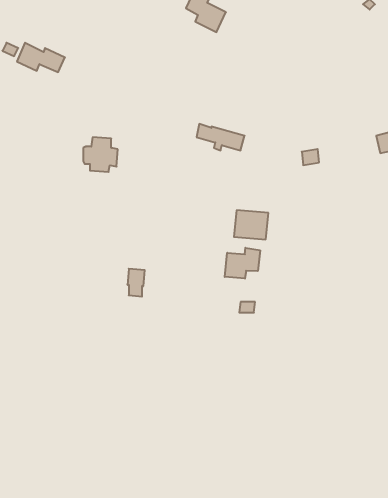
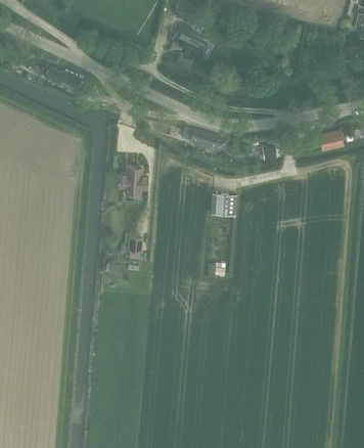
building: [83,137,118,172] -> [120,168,146,194]
building: [225,248,260,279] -> none

